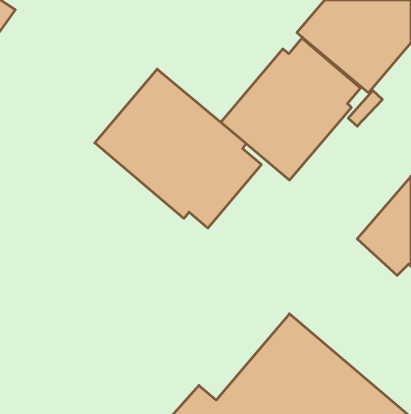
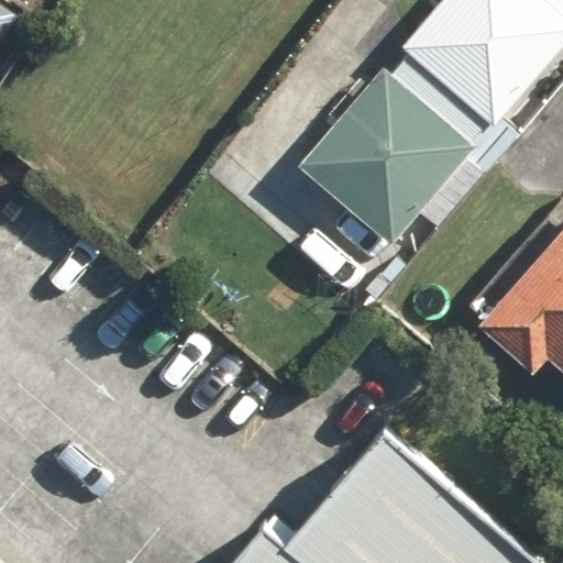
building: [95,69,261,228] -> none

